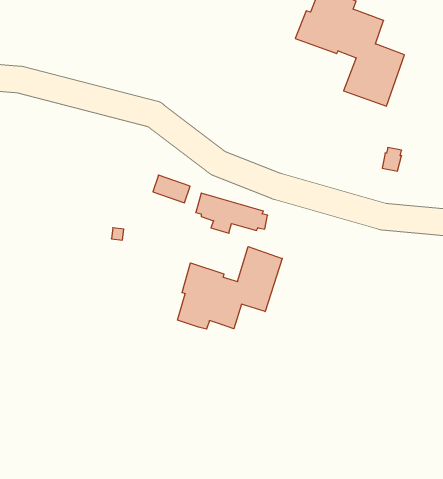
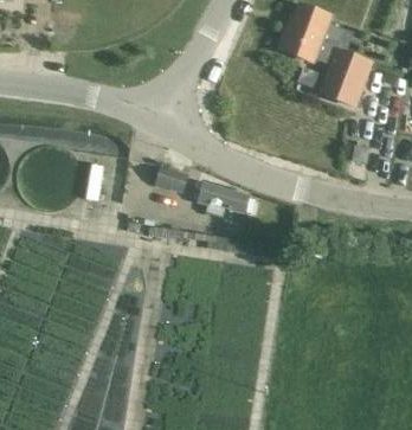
building: [177,247,282,329] -> none

